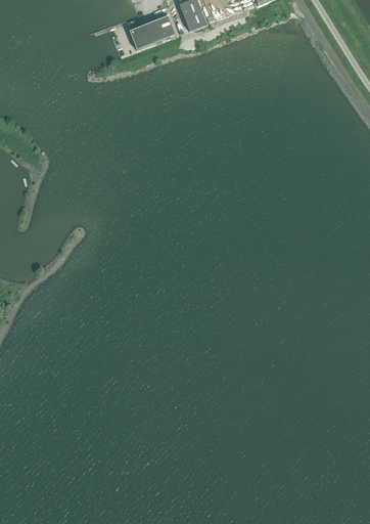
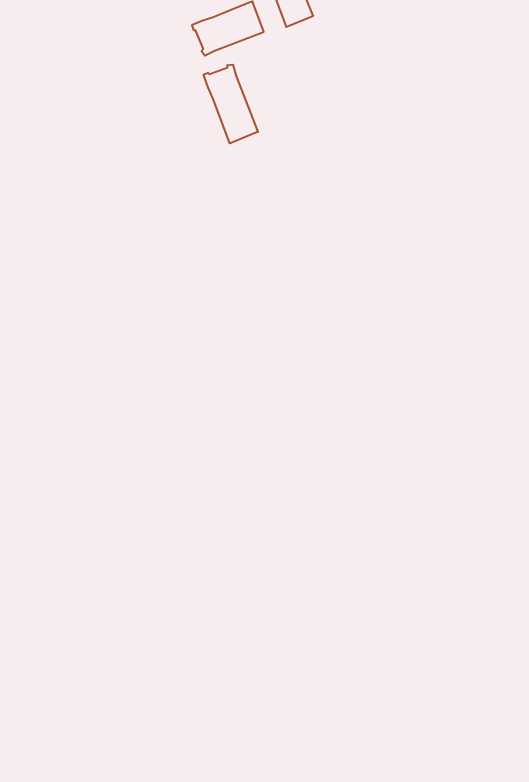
building: none -> [204,65,258,143]

